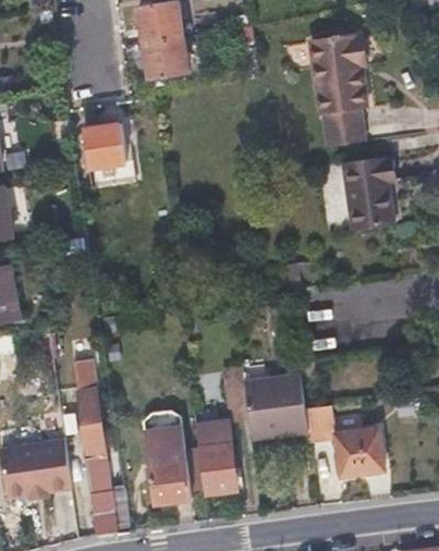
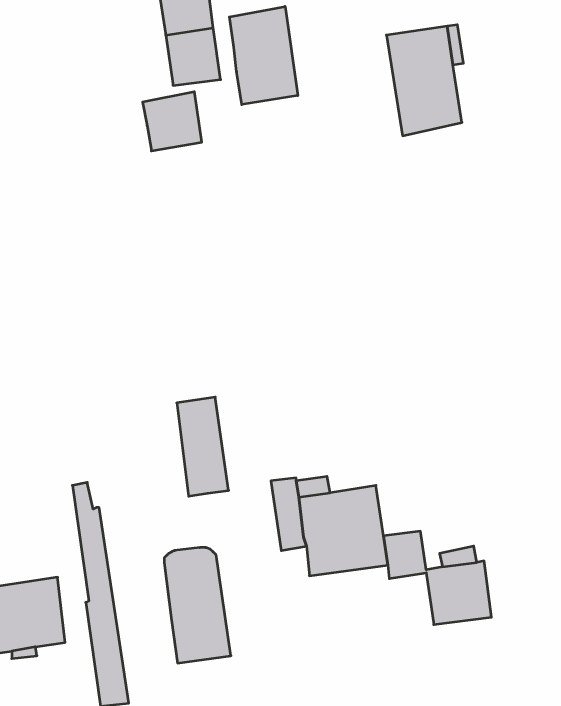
building: none -> [229,6,298,105]
building: [319,106,363,143] -> none
building: [84,125,127,169] -> [143,92,202,151]
building: [341,156,393,229] -> none
building: [198,420,236,493] -> [177,397,229,496]

